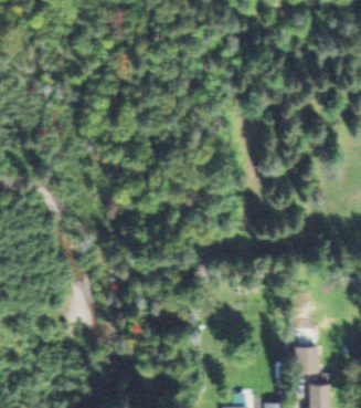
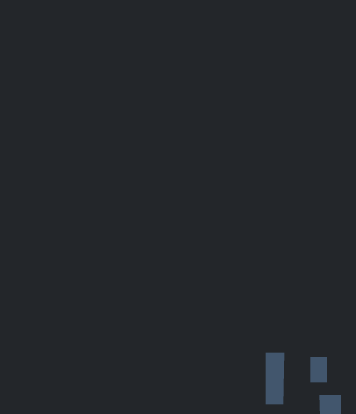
building: none -> [265,352,285,405]

